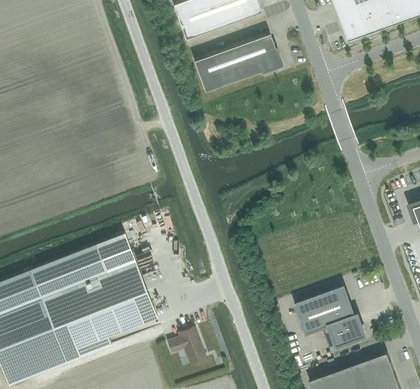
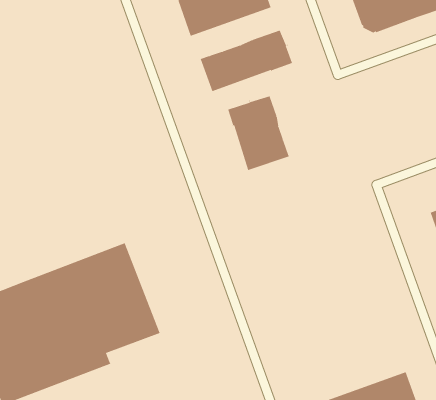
building: none -> [228,96,290,171]
building: [297,288,365,346] -> none
building: [168,329,204,363] -> none

